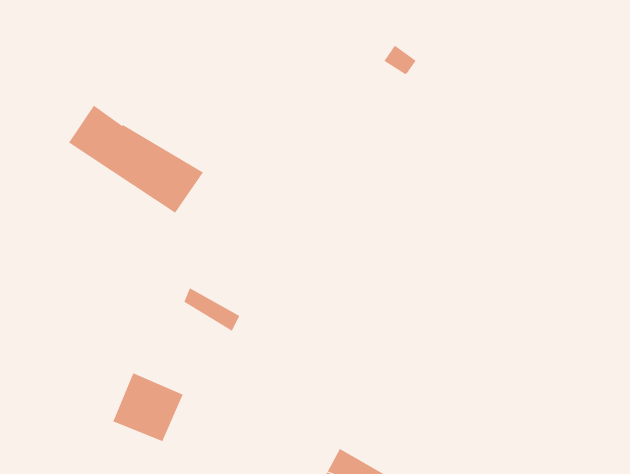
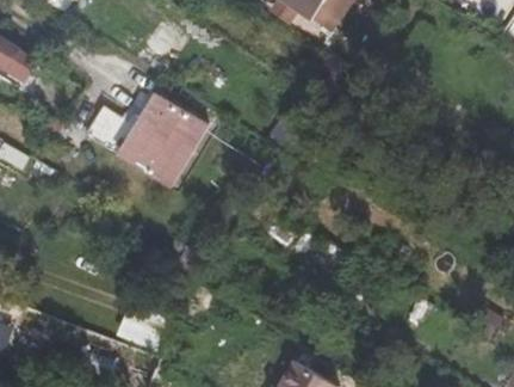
building: none -> [125,92,205,152]

